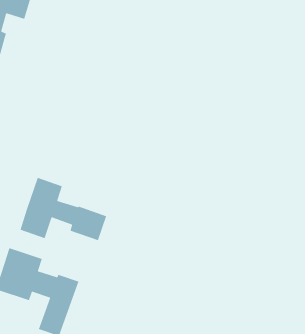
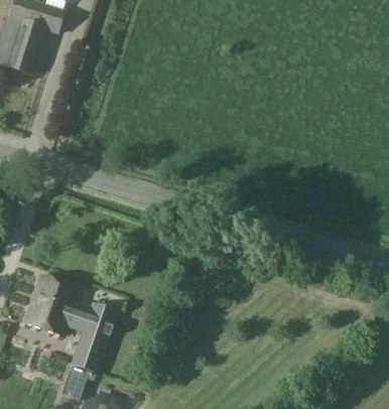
building: [19,177,107,241] -> none

